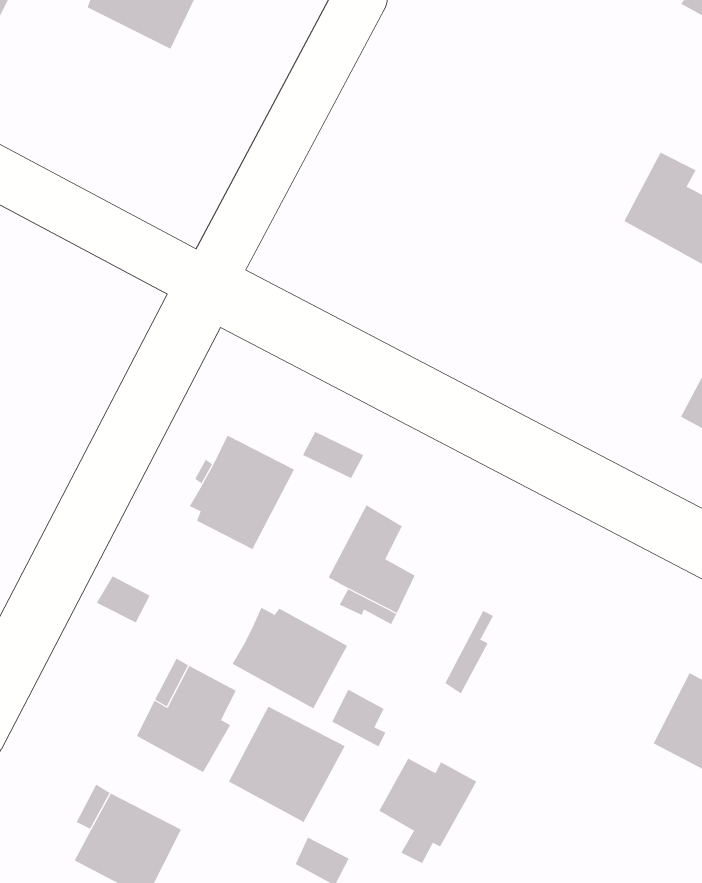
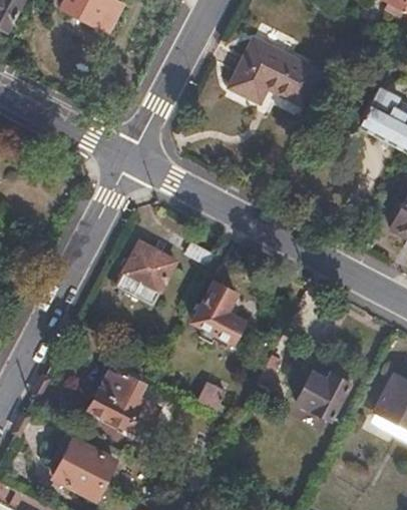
building: none -> [229,37,322,107]
building: [232,607,348,709] -> none
building: [228,706,345,823] -> none
building: [379,758,477,864] -> [294,369,348,427]

